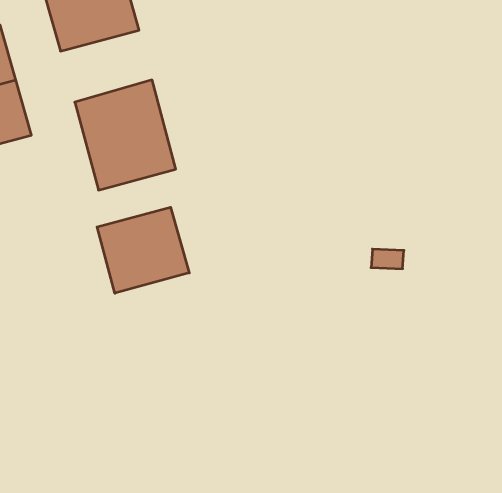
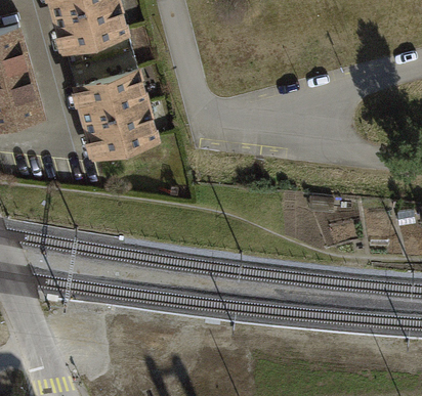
building: none -> [65,33,136,89]
building: [97,207,189,293] -> none

